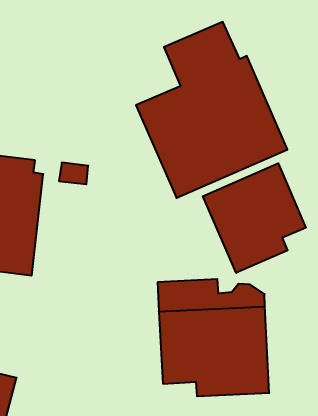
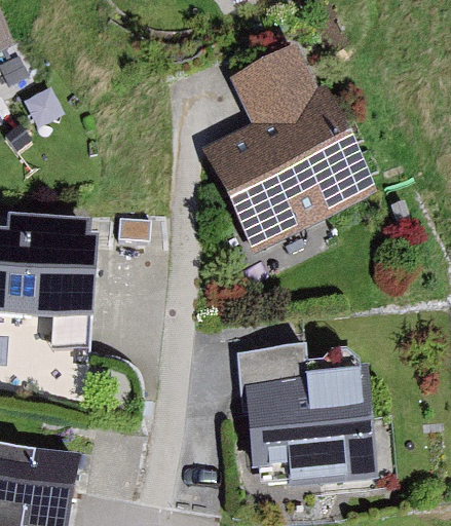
building: [203,163,306,273] -> none

